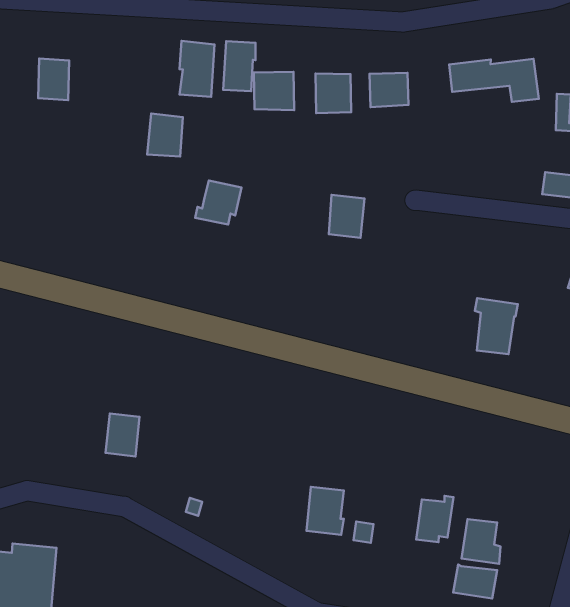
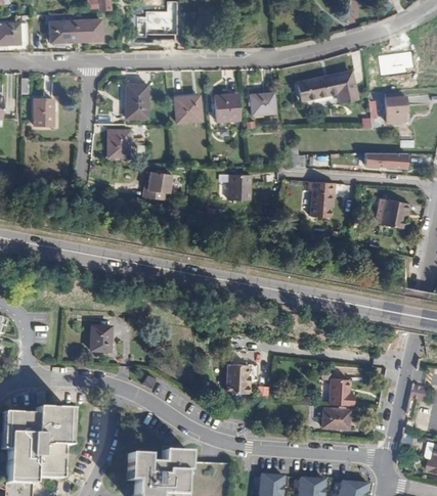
building: [223,41,256,91] -> none
building: [475,298,518,354] -> [308,182,336,217]
building: [416,496,453,542] -> none

